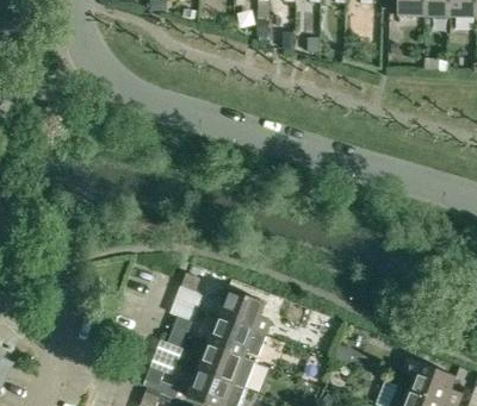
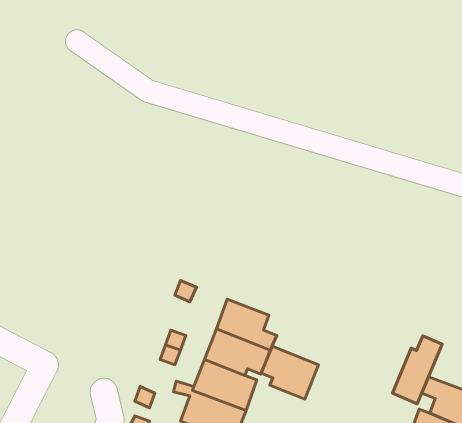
building: none -> [392,336,442,404]
building: none -> [261,346,319,399]

